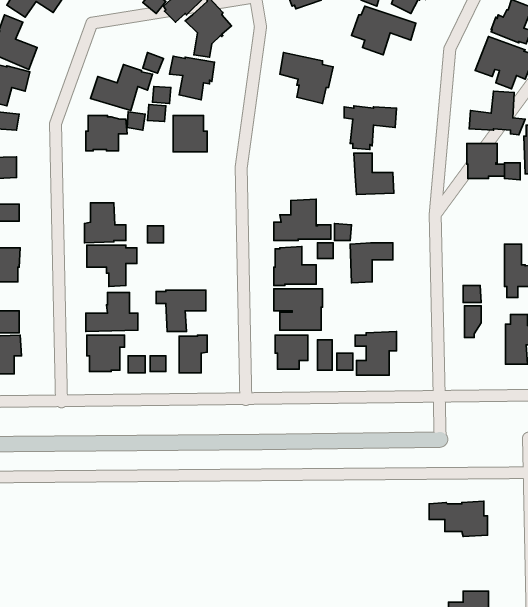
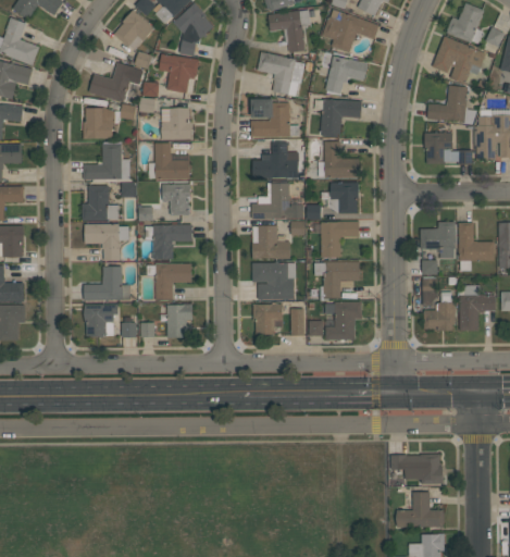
building: none -> [269,10,311,53]
building: none -> [114,11,154,50]
building: none -> [325,57,369,94]
building: none -> [251,99,299,137]
building: none -> [252,143,299,178]
building: none -> [84,144,130,180]
building: none -> [149,144,190,180]
building: none -> [322,183,359,213]
building: none -> [163,184,191,215]
building: none -> [421,222,456,258]
building: none -> [146,225,191,259]
building: none -> [314,261,360,299]
building: none -> [424,293,455,331]
building: none -> [397,492,445,528]

